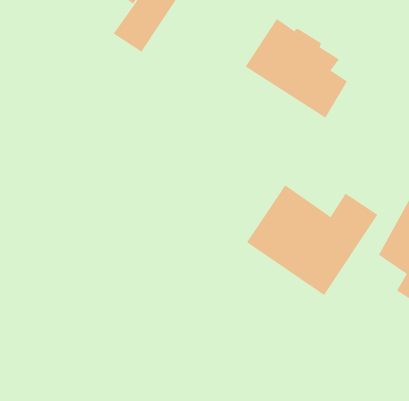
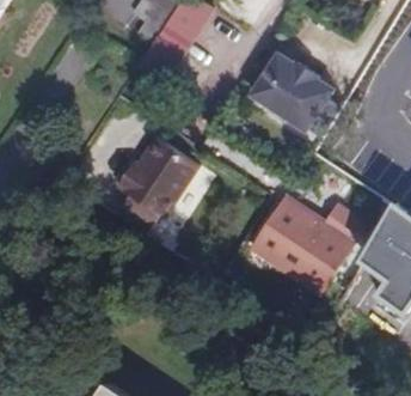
building: none -> [114,140,197,238]

